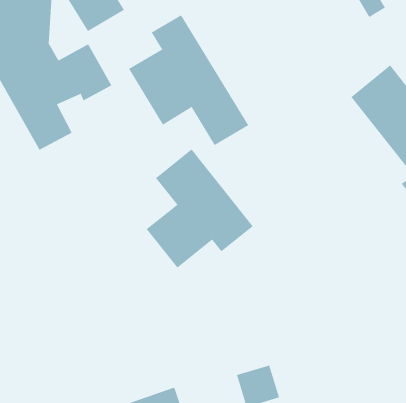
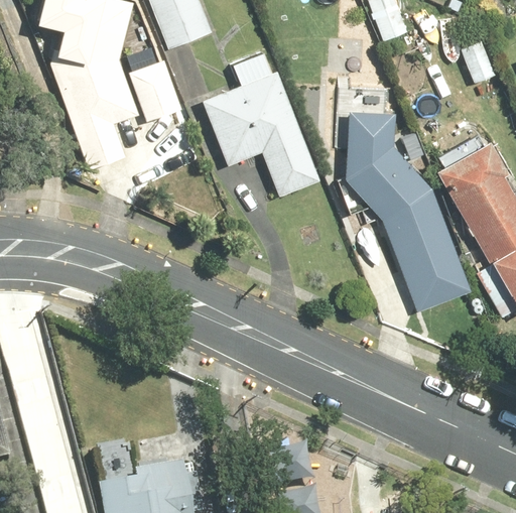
building: none -> [345,108,473,309]
building: [146,148,254,269] -> none

